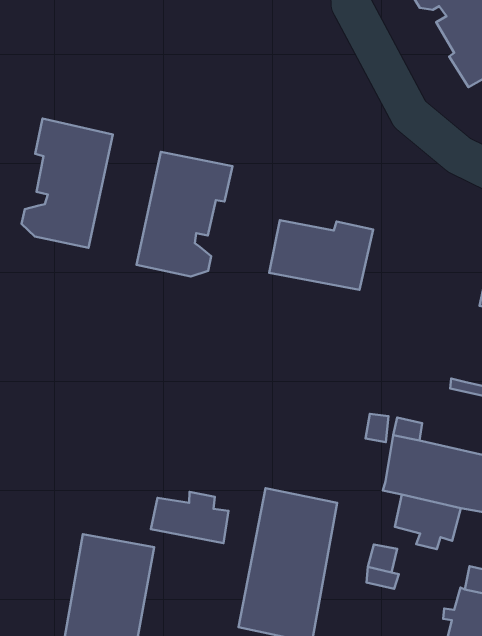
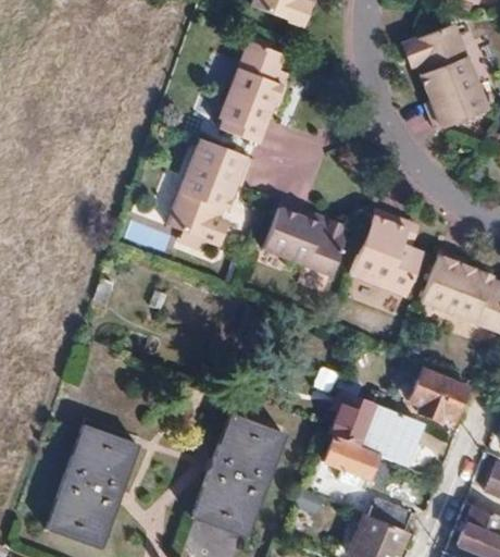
building: none -> [216,41,283,143]
building: [22,118,113,248] -> none
building: none -> [350,215,422,294]
building: [151,492,229,543] -> none

